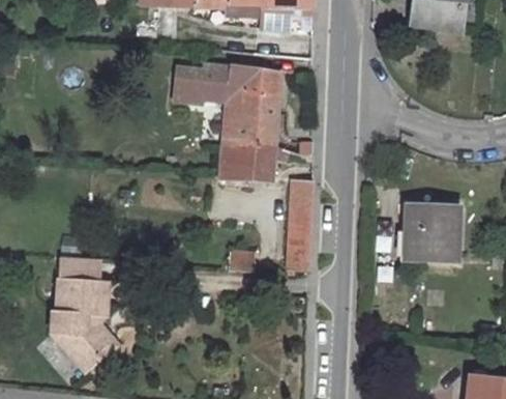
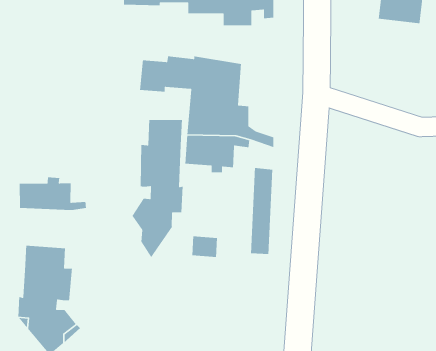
building: none -> [132,119,183,259]
building: none -> [19,177,87,211]
building: [409,205,460,260] -> none

